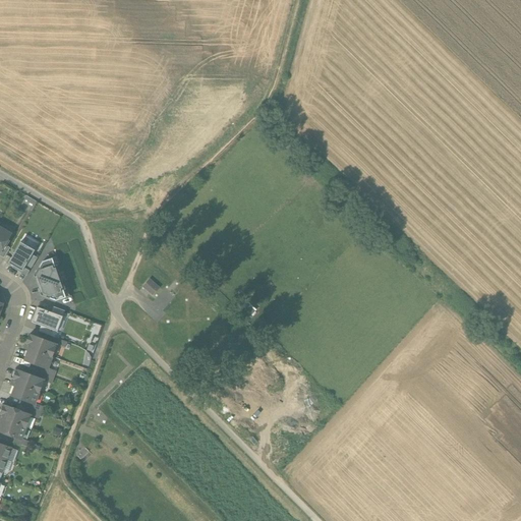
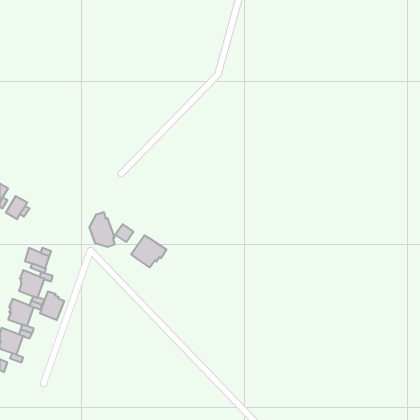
building: [33,257,64,300] -> [89,212,115,247]
building: none -> [131,235,166,267]
building: none -> [40,291,64,320]

